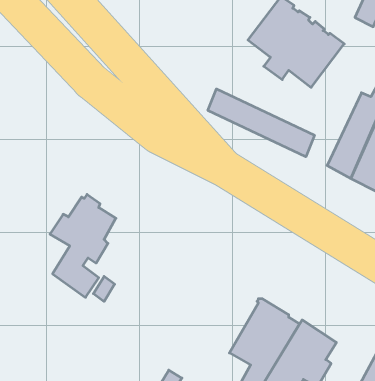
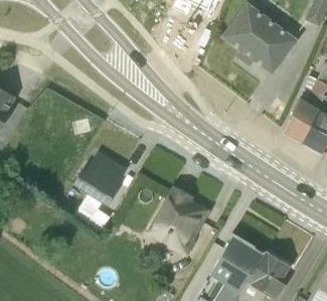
building: [208,89,314,157] -> none
building: none -> [149,191,202,252]

